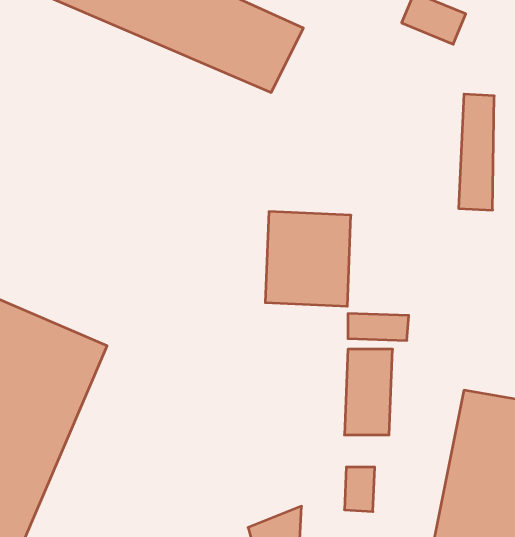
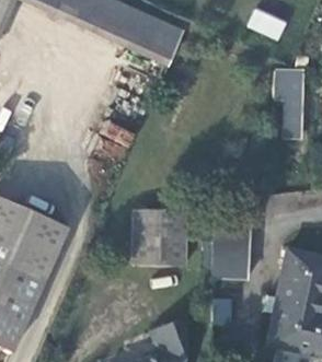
building: [265,212,351,306] -> [131,210,184,268]

